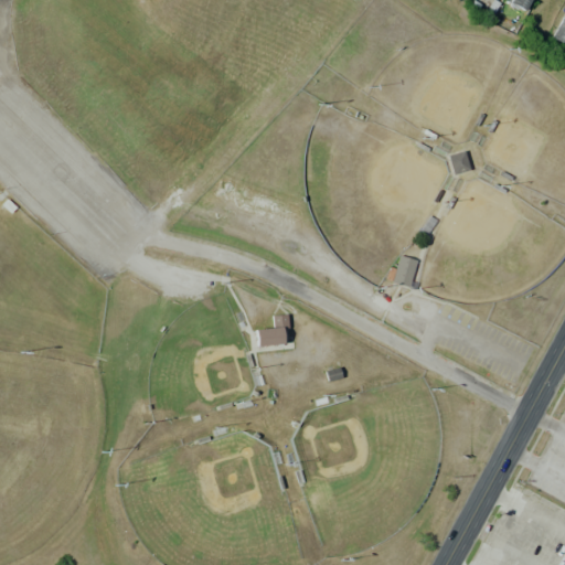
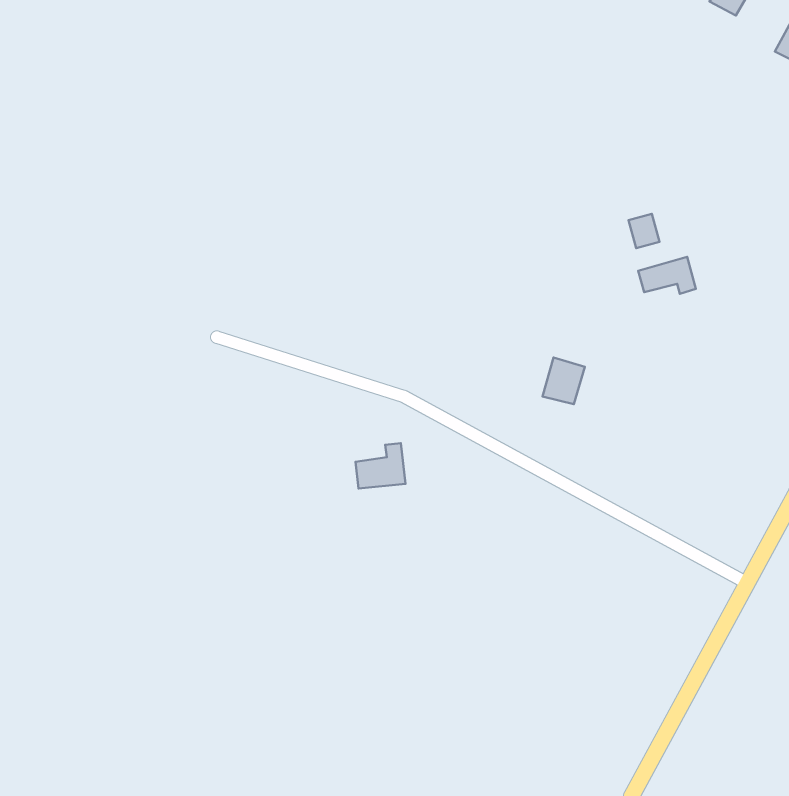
building: none -> [638,257,696,294]

